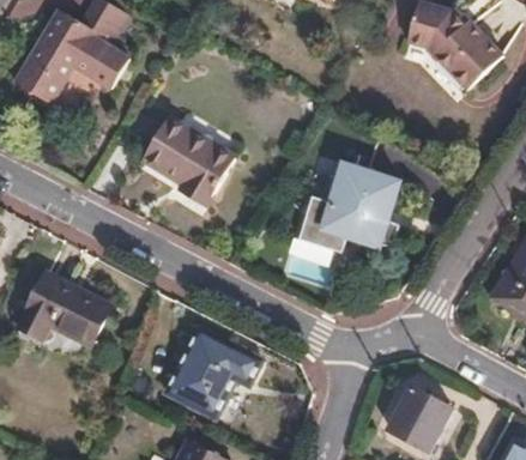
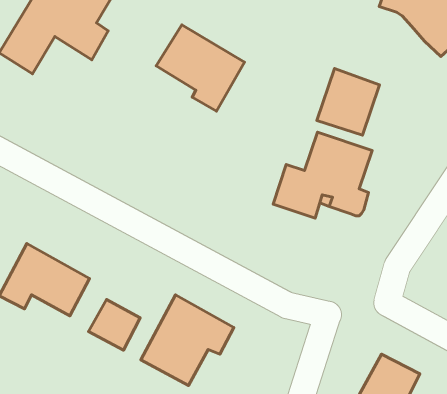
building: none -> [317,68,380,135]
building: [141,117,232,206] -> [156,25,245,111]
building: none -> [88,300,140,350]

